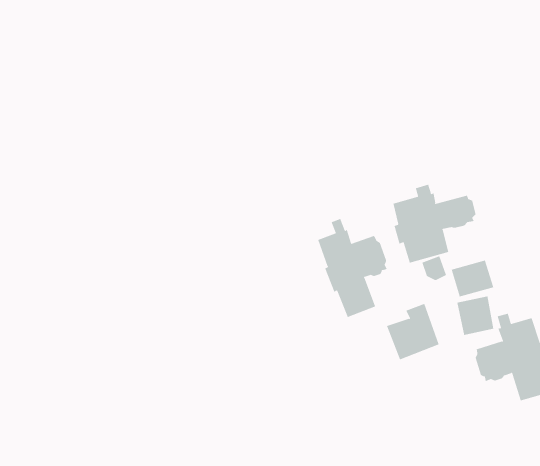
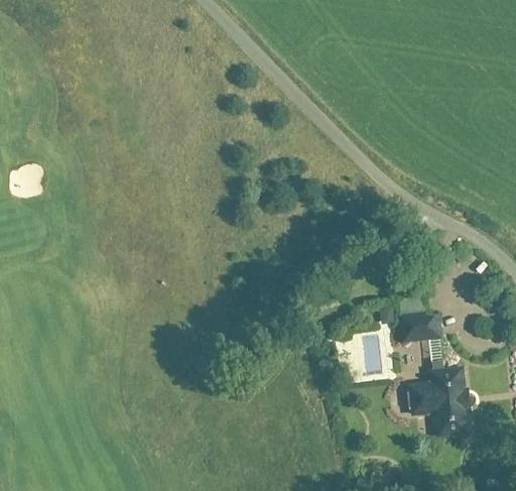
building: [393,184,476,264] -> none
building: [317,218,388,318] -> none

